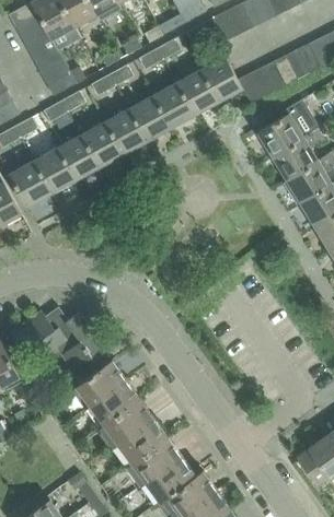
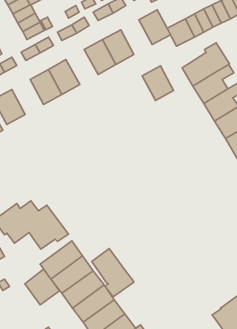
building: [175,69,217,115] -> [142,66,174,101]
building: [103,108,146,154] -> none
building: [32,148,73,193] -> none
building: none -> [92,248,134,297]
building: none -> [25,269,60,305]

